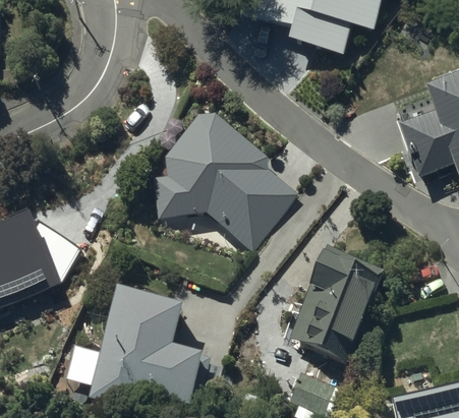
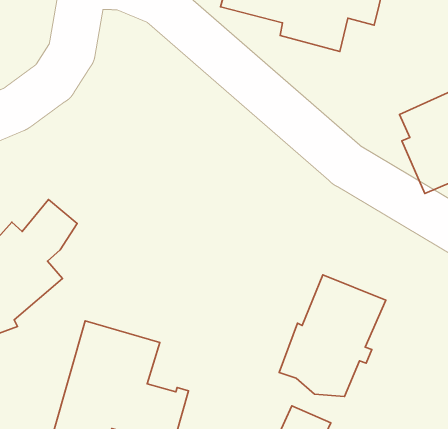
building: [153,108,295,239] -> none

